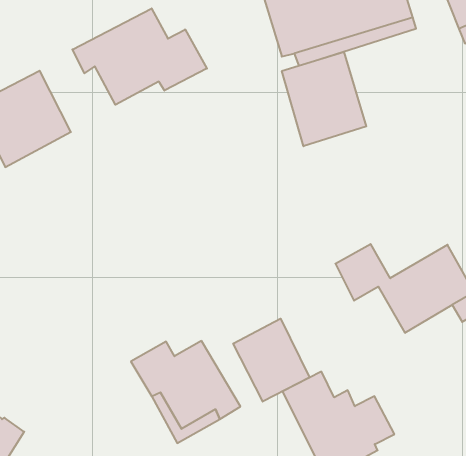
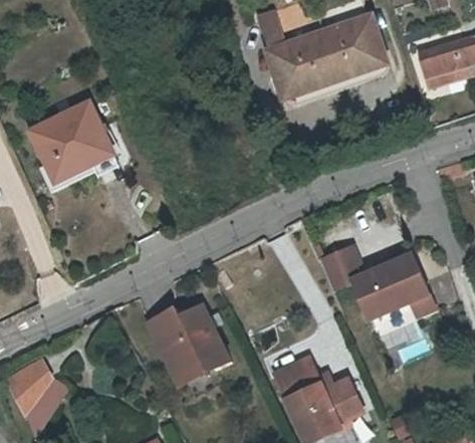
building: [72,8,207,105] -> none
building: [282,52,366,146] -> none
building: [233,319,310,402] -> none

